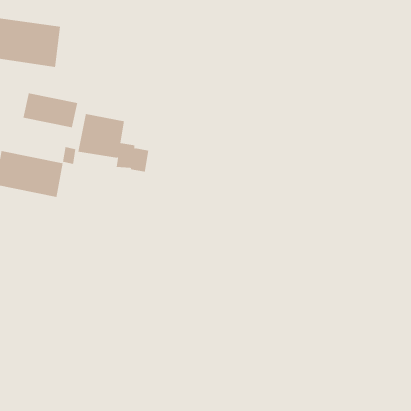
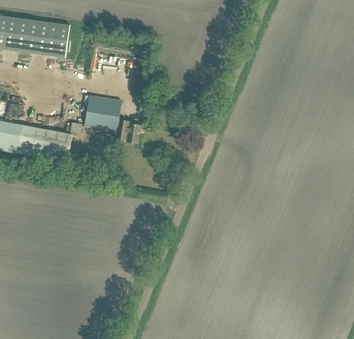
building: [23,92,78,128] -> none

